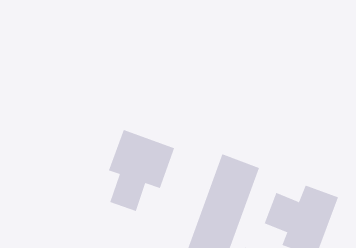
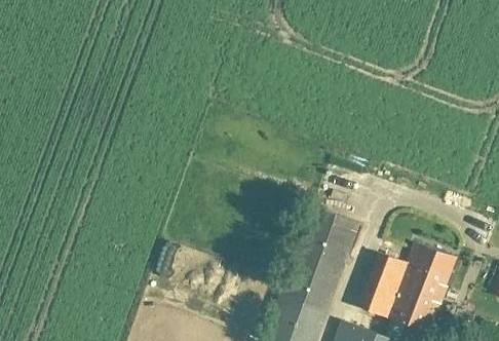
building: [108,129,175,212] -> none

